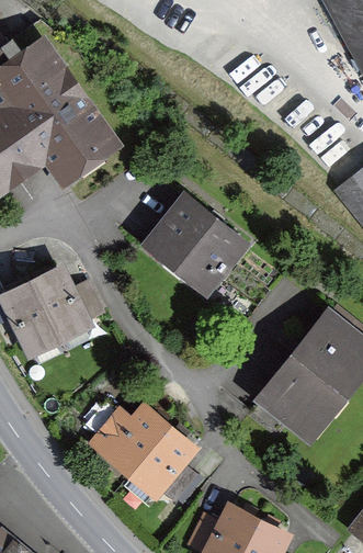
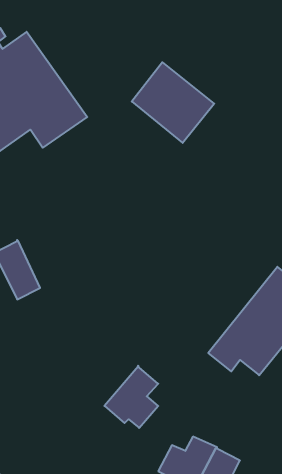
building: [149,198,243,290] -> [132,62,214,143]
building: [32,270,100,337] -> none
building: [86,399,170,472] -> none

